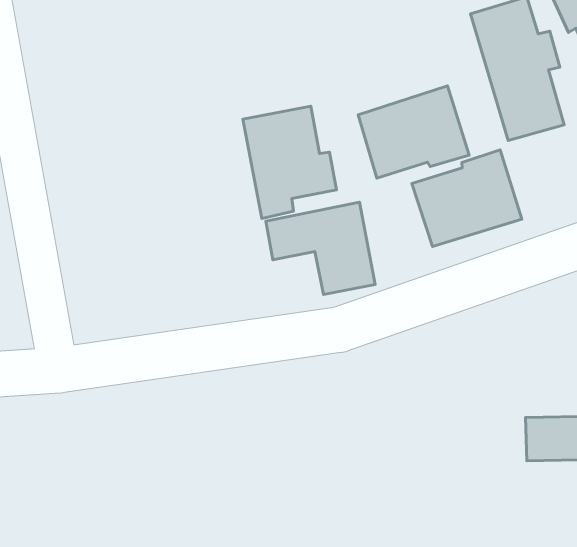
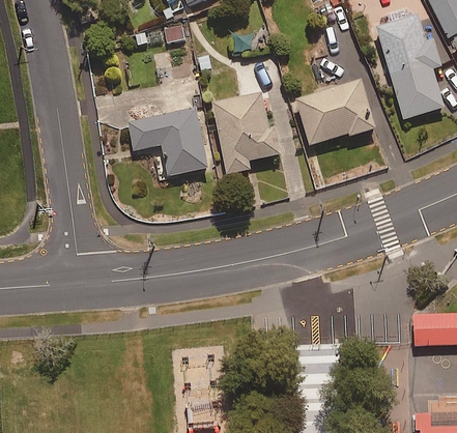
building: [412,150,522,246] -> none
building: [266,202,375,295] -> [128,109,207,175]

